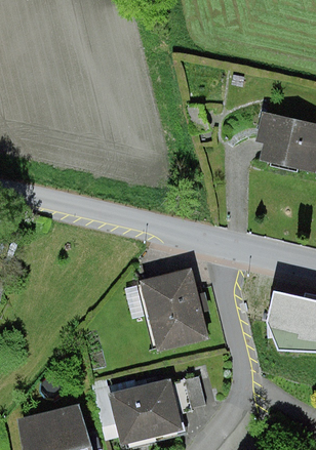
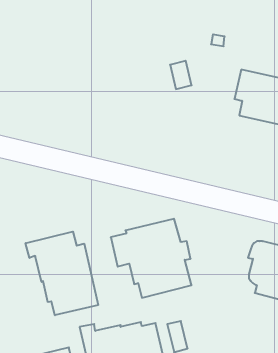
building: none -> [26,232,98,315]

